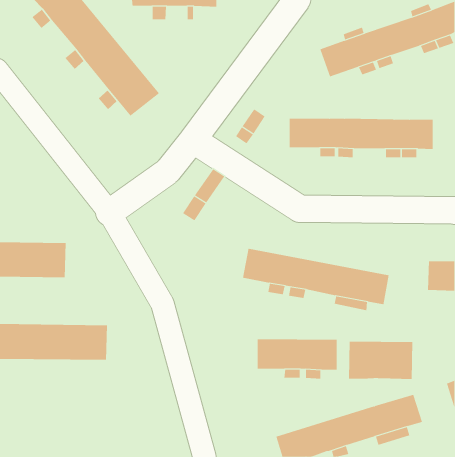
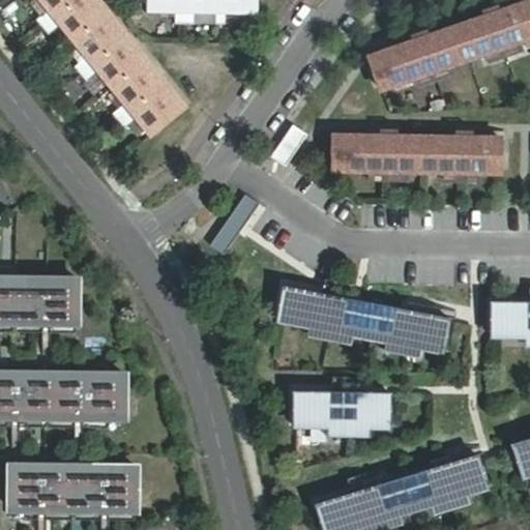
building: [349,341,413,380] -> none
building: none -> [6,467,136,509]

